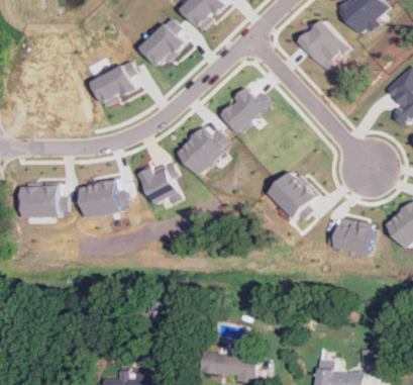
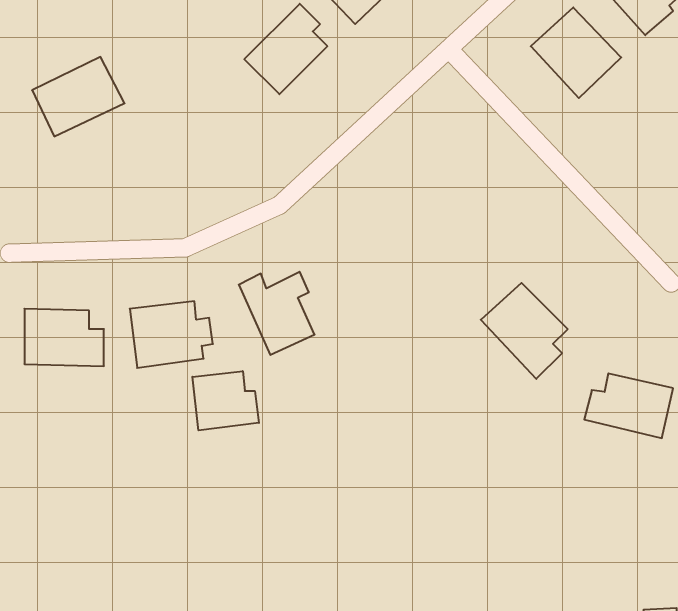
building: [91,62,141,105] -> [32,57,125,136]
building: [219,86,270,131] -> none
building: [176,126,227,173] -> none
building: none -> [192,371,259,430]

